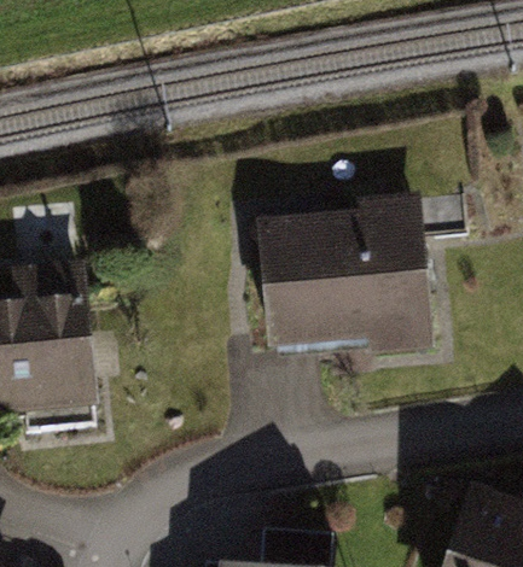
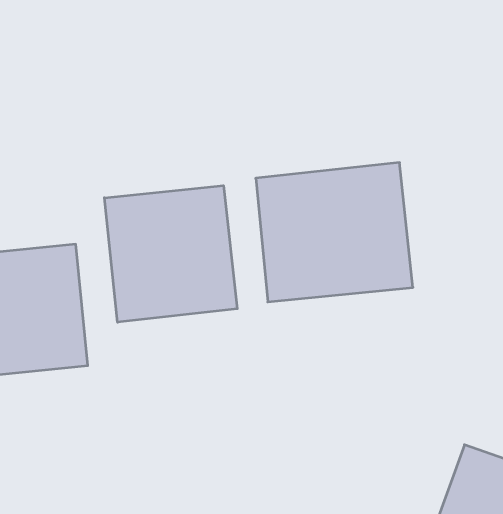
building: none -> [104,186,237,322]

